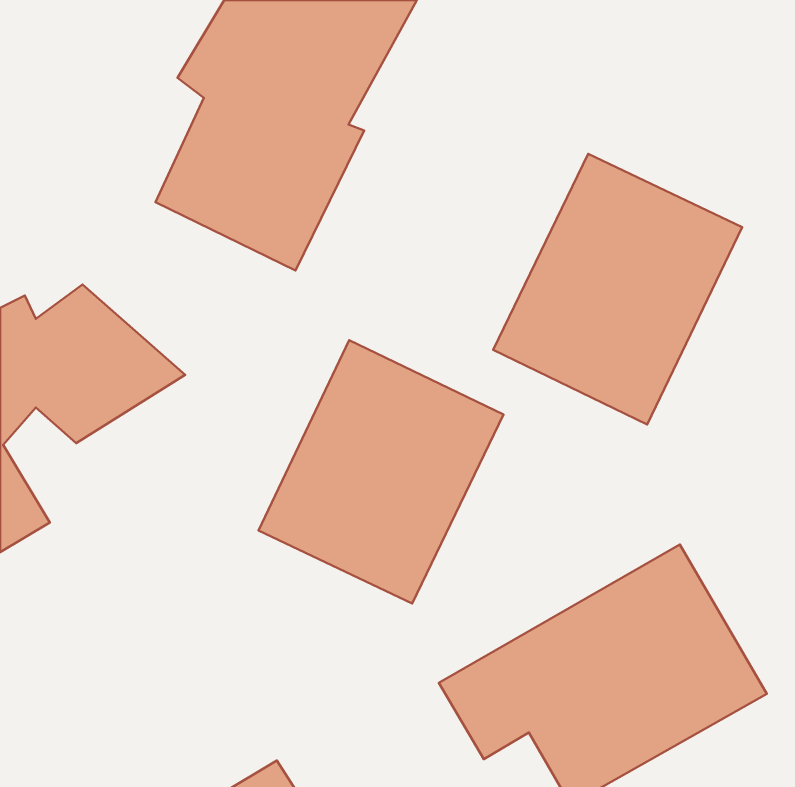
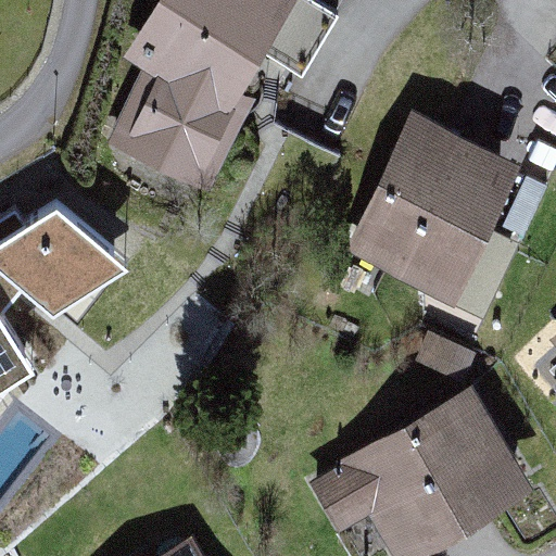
building: [258,340,504,603] -> none

